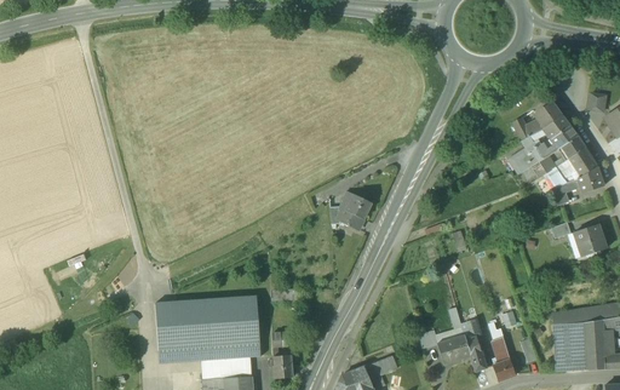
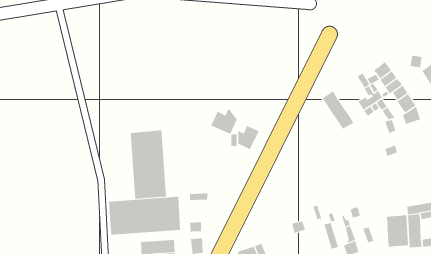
building: none -> [322,91,354,129]
building: none -> [210,109,238,135]
building: none -> [130,130,167,199]
building: [574,224,607,257] -> none
building: [437,335,470,363] -> none

